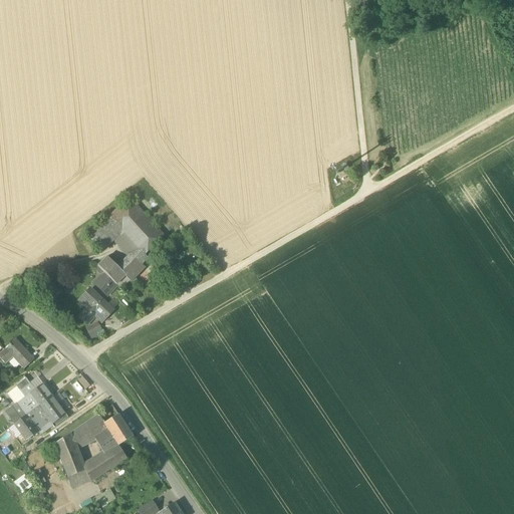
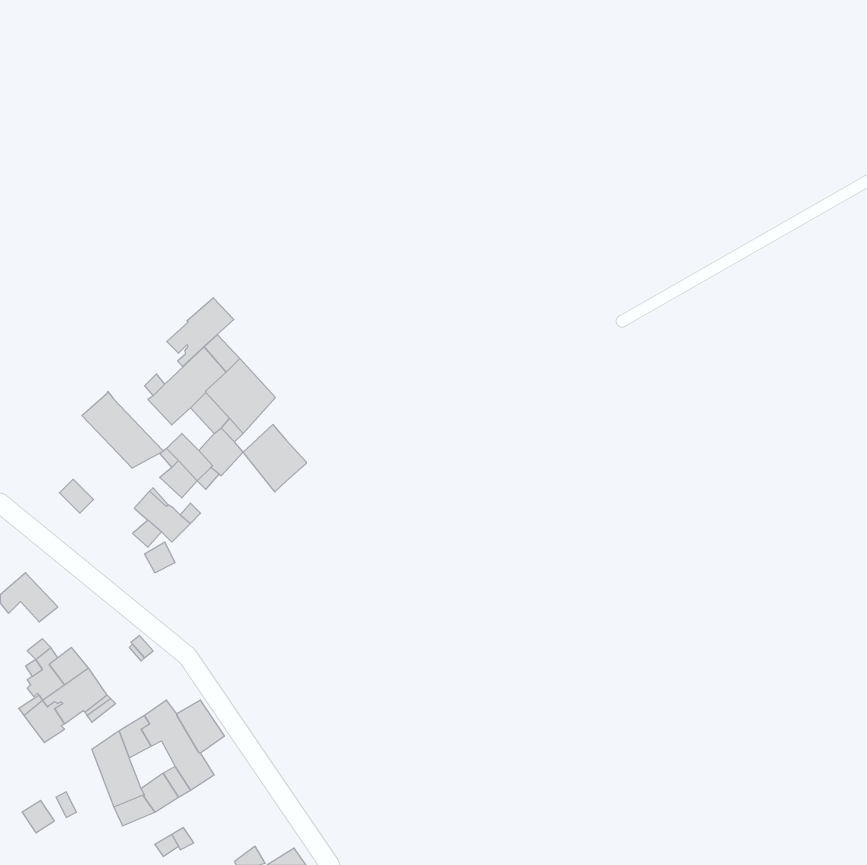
building: none -> [167,298,234,367]
building: none -> [82,391,163,468]
building: none -> [243,425,306,492]

